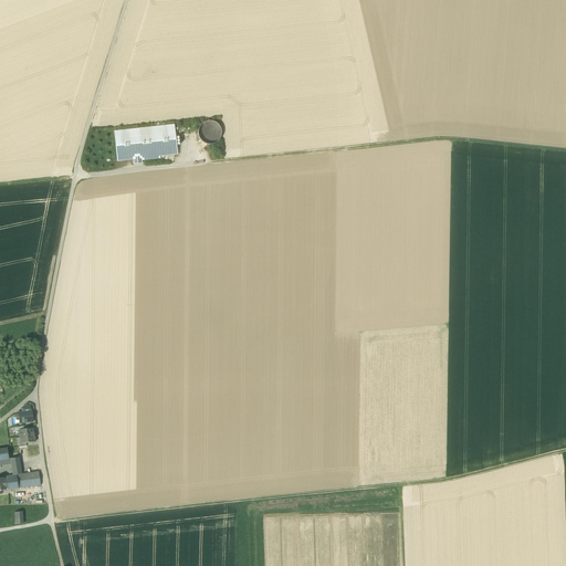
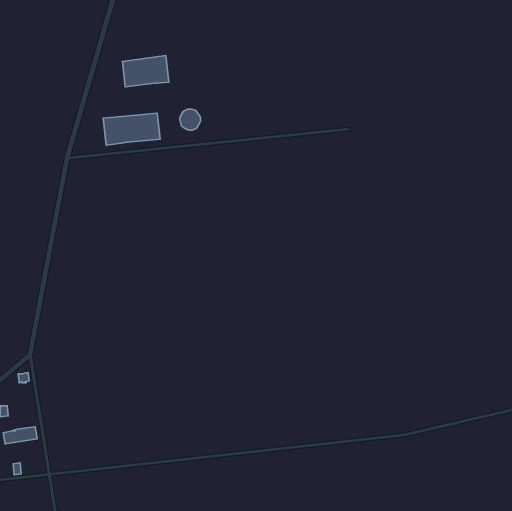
building: none -> [122,56,169,87]

